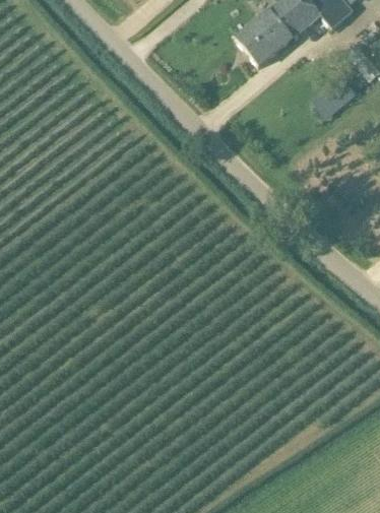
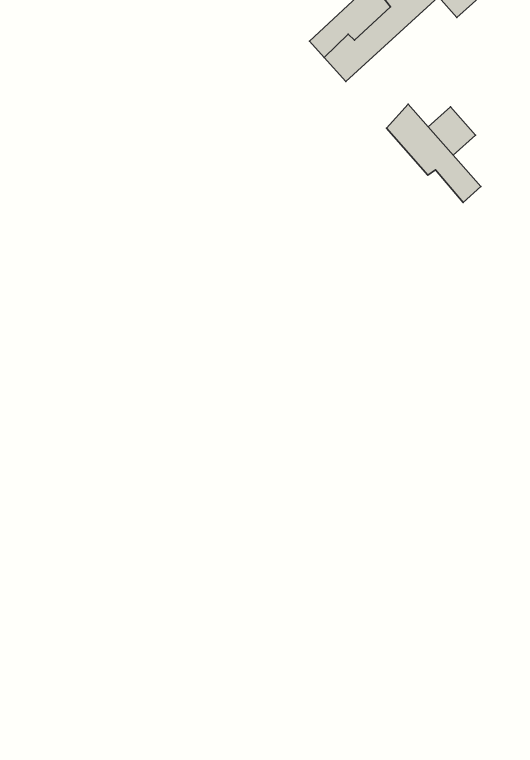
building: none -> [386,104,481,202]

